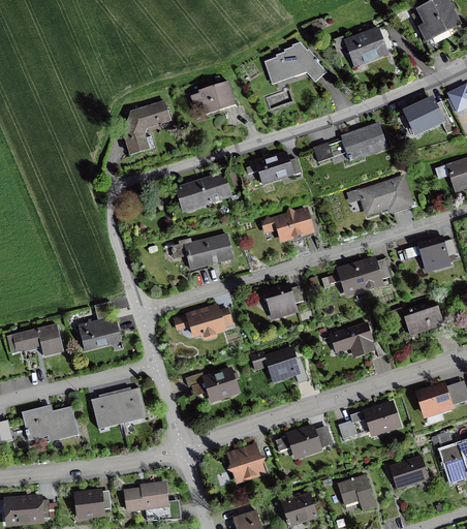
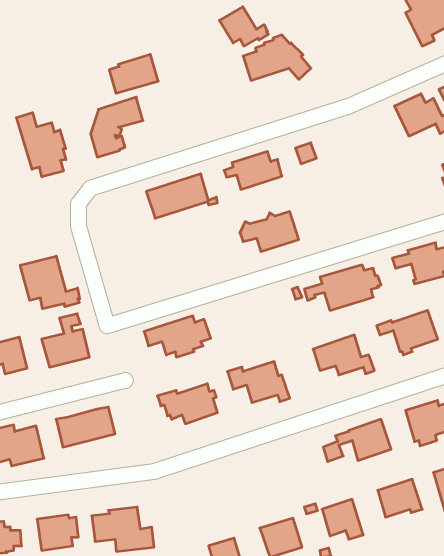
building: none -> [219,7,268,46]
building: [332,26,390,71] -> none
building: [190,81,236,117] -> [109,54,158,93]
building: none -> [16,113,66,177]
building: [341,121,388,161] -> none
building: [346,174,414,216] -> none
building: [172,232,234,270] -> none
building: none -> [20,256,80,309]
building: [262,282,304,320] -> none
building: [276,424,333,460] -> none
building: [226,442,267,484] -> none

